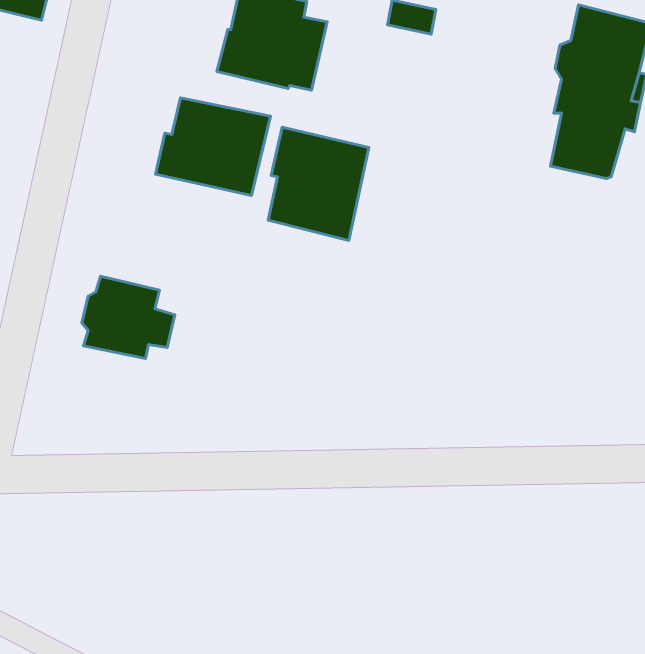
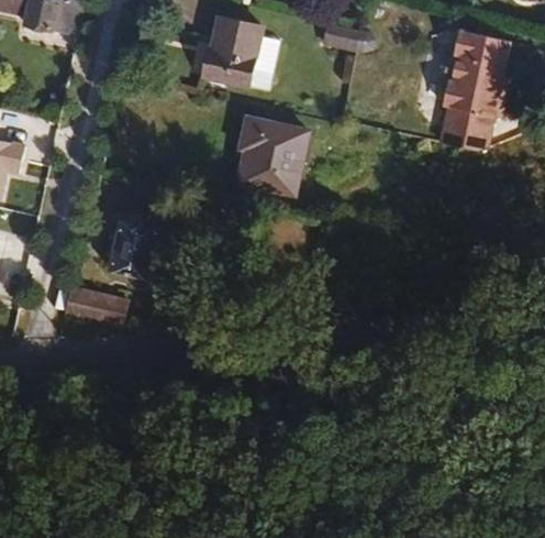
building: [156,98,270,195] -> none
building: none -> [69,286,122,325]

